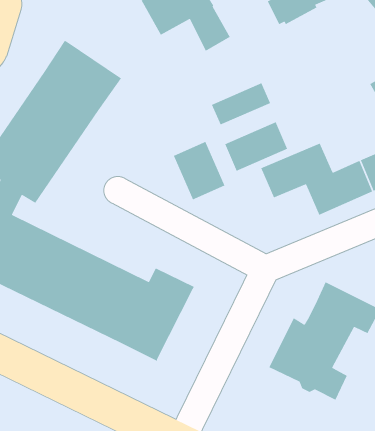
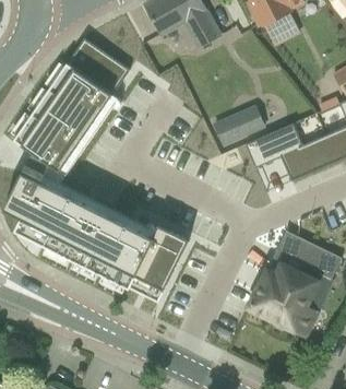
building: [211,82,271,126] -> none
building: [173,141,225,200] -> none

